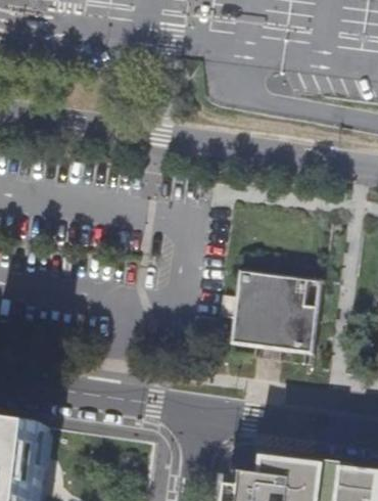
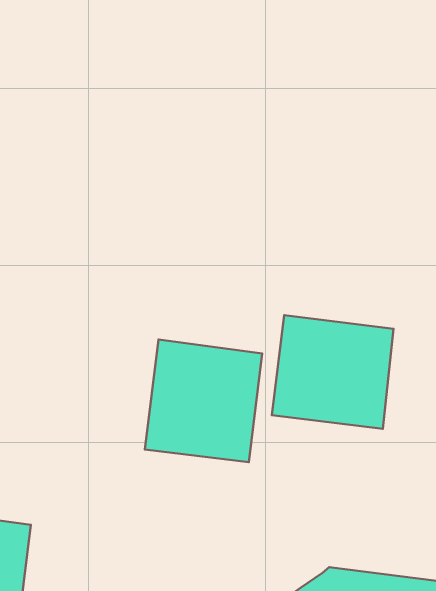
building: none -> [145,339,262,462]

